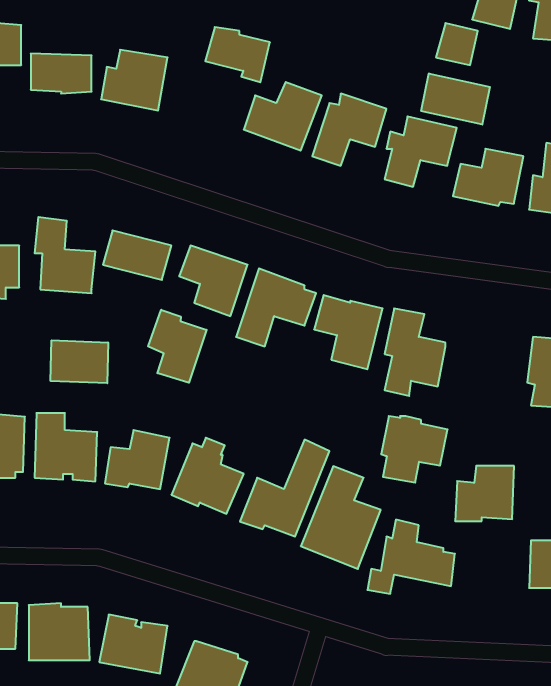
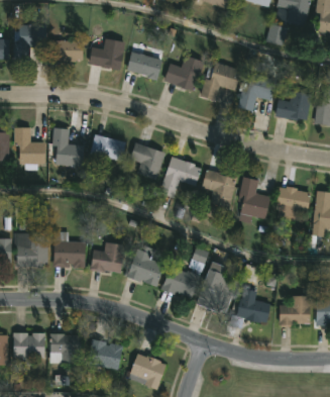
building: [205,27,270,82] -> [126,52,160,81]
building: [421,73,490,125] -> none
building: [148,310,207,383] -> none
building: [51,340,108,383] -> none
building: [381,416,448,483] -> [276,187,311,222]
building: [455,466,514,521] -> [280,296,311,325]

